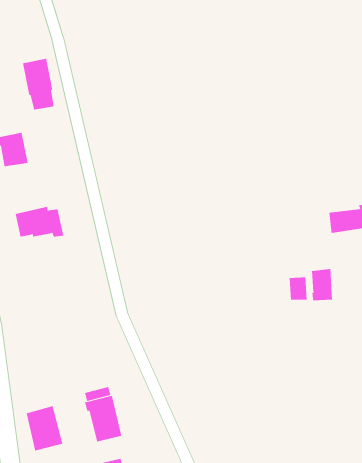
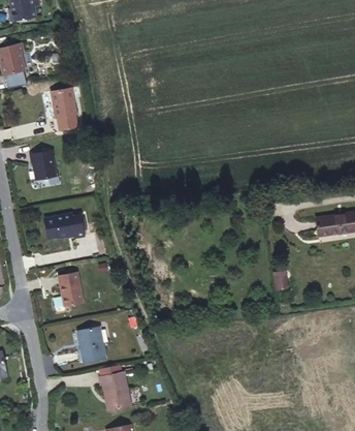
building: [311,268,332,301] -> none
building: none -> [57,273,83,307]
building: [26,406,63,451] -> [79,322,110,361]

